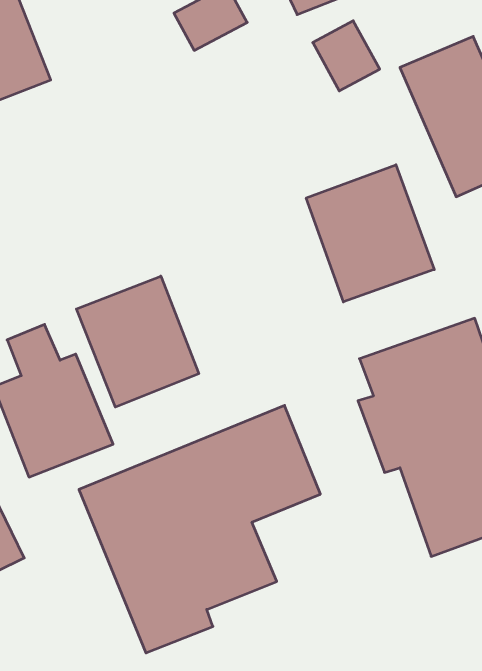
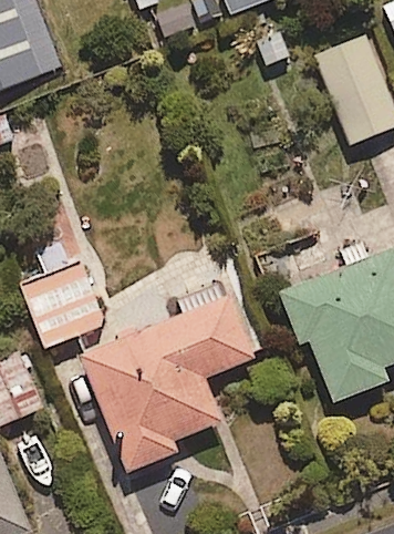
building: [306,165,434,302] -> none
building: [76,276,199,407] -> none

